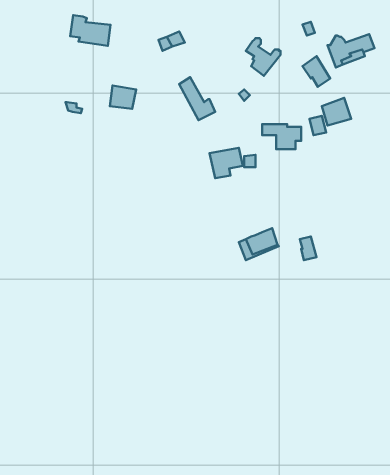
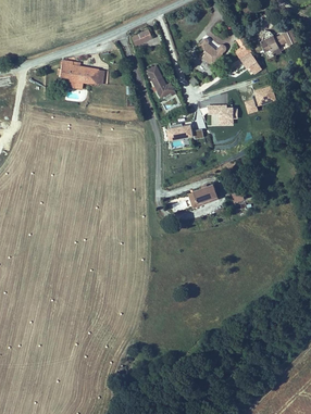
building: [70,15,110,46] -> [60,62,91,86]

